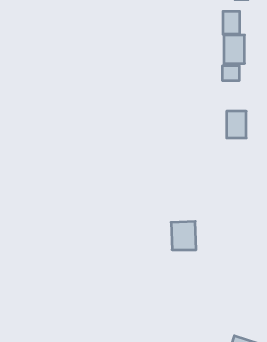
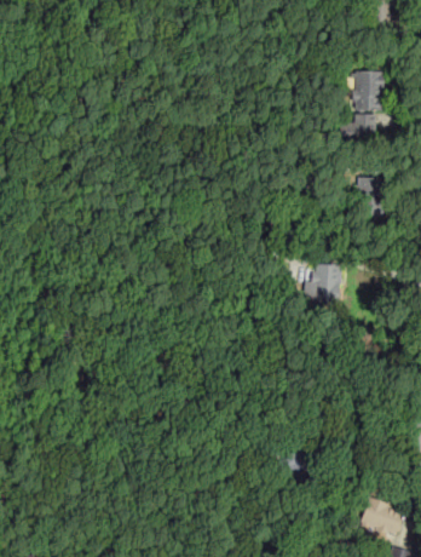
building: [223,11,240,34] -> none
building: [171,221,196,250] -> [305,264,340,304]

